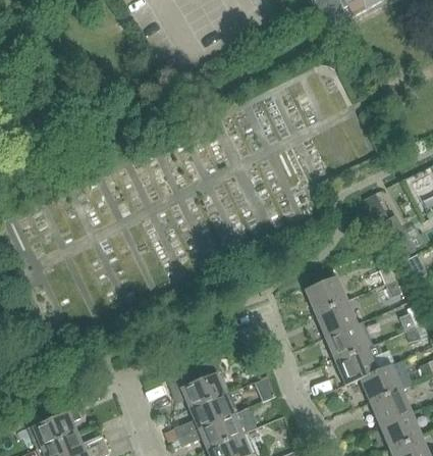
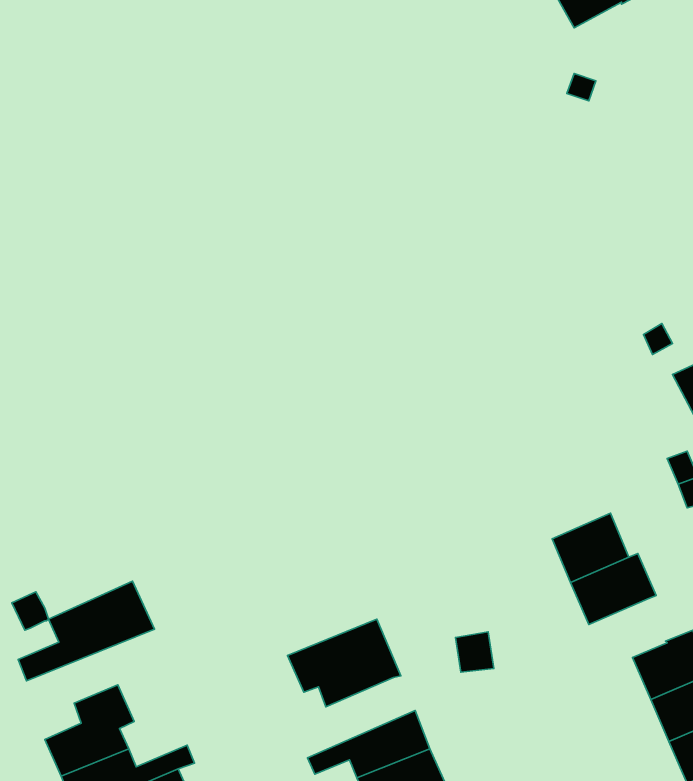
building: [305,276,347,314] -> none
building: none -> [18,581,155,681]
building: [335,348,379,386] -> none
building: [174,391,238,437] -> none

